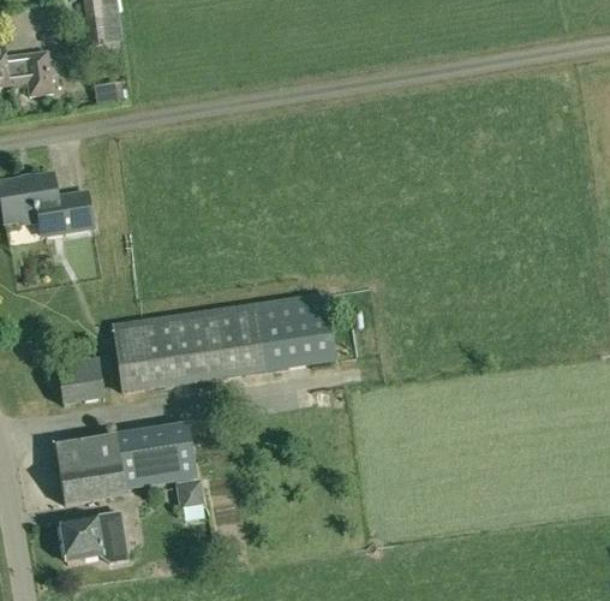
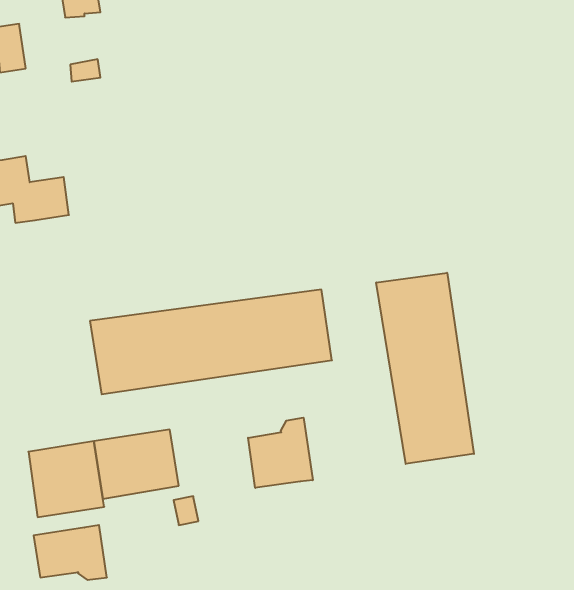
building: none -> [376,273,474,464]
building: [55,357,104,406] -> none
building: none -> [248,418,313,488]

